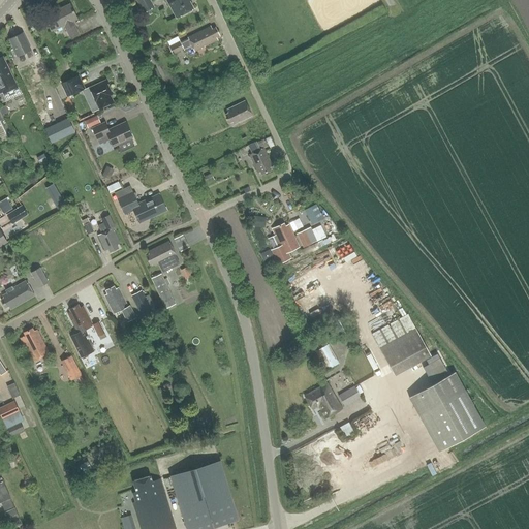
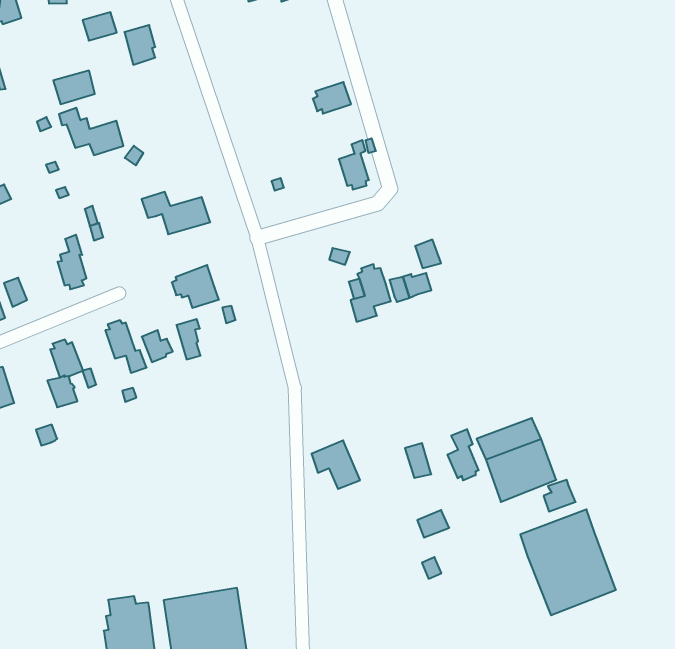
building: [85,116,132,147] -> [59,108,123,155]
building: [98,214,120,252] -> [57,235,87,289]
building: none -> [448,429,479,480]
building: [305,383,341,417] -> [311,440,360,489]

